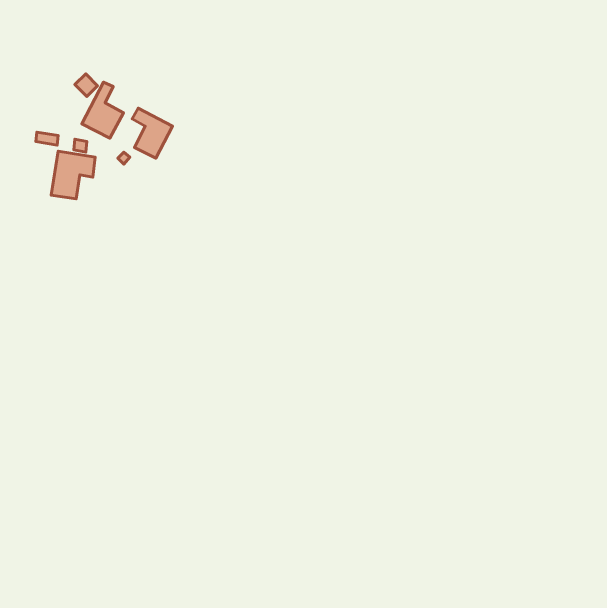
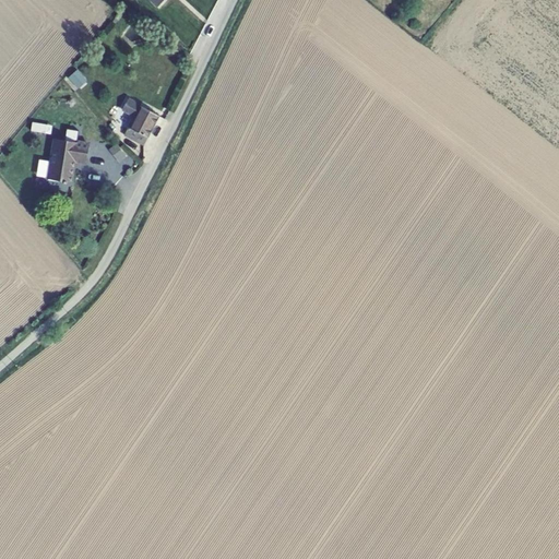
building: [82,82,123,138] -> none

